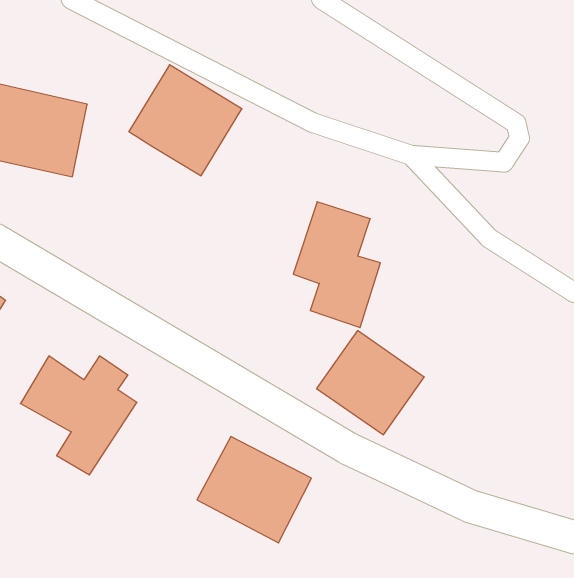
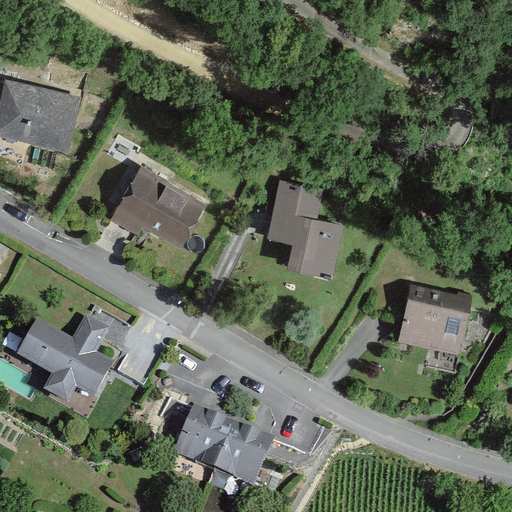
building: [129,65,242,176] -> [111,156,211,254]
building: [317,331,424,435] -> [384,280,479,372]

